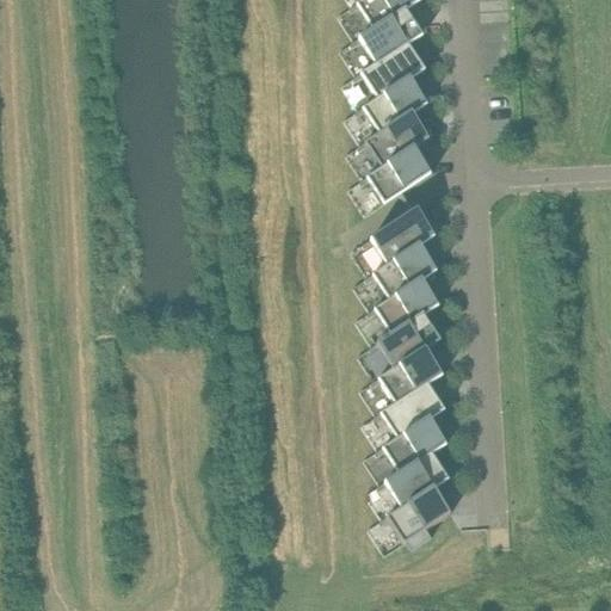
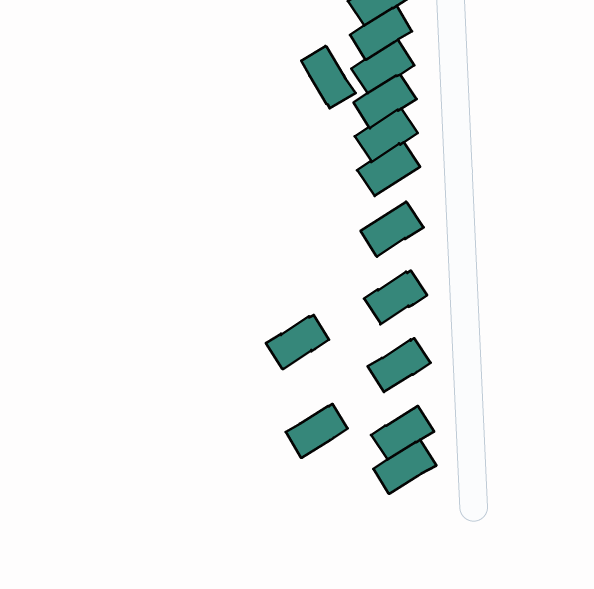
building: none -> [301,46,356,108]
building: [372,242,437,297] -> none
building: [376,311,440,366] -> [266,315,329,369]
building: [381,381,444,436] -> [286,404,348,458]
building: [385,485,450,548] -> none

